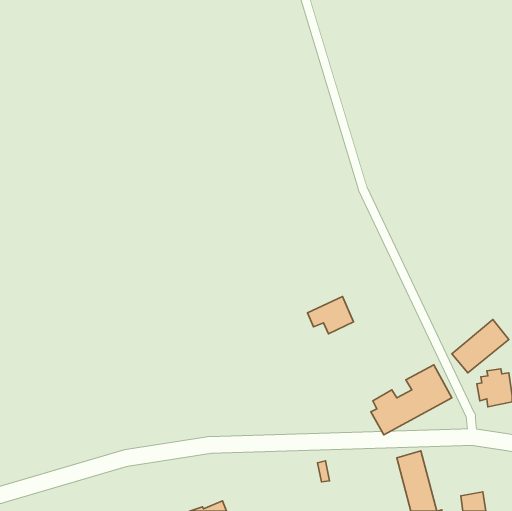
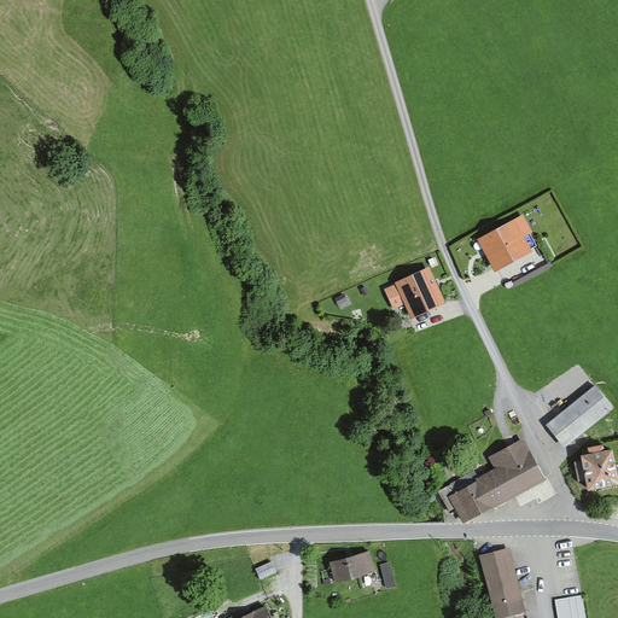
building: none -> [476,215,532,272]
building: [308,297,354,334] -> [386,269,442,314]
building: none -> [328,550,374,582]

